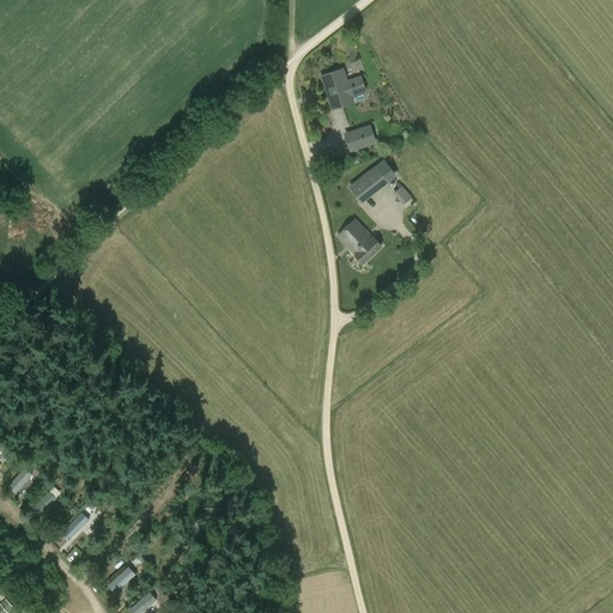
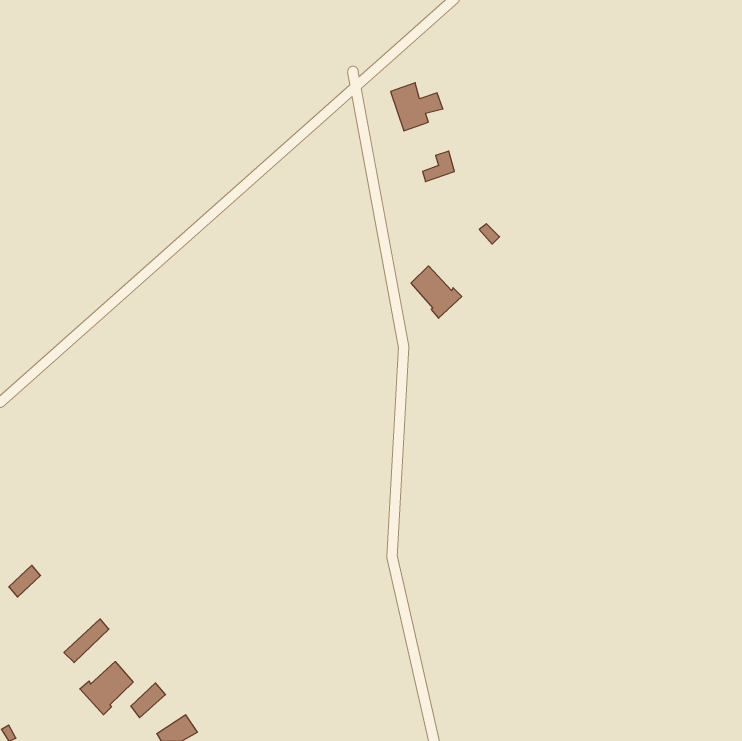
building: [348,164,389,202] -> none
building: none -> [80,662,133,715]

